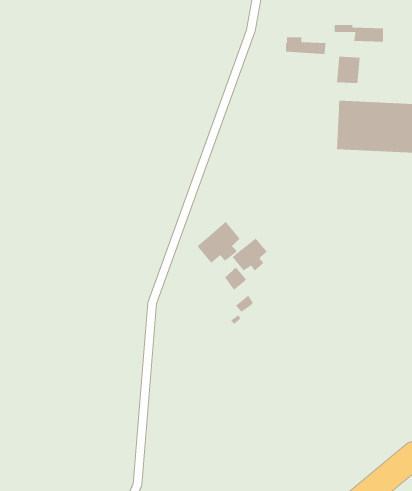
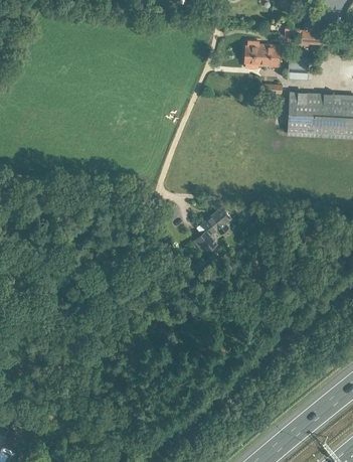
building: none -> [243,53,279,68]
building: [197,221,241,264] -> none

